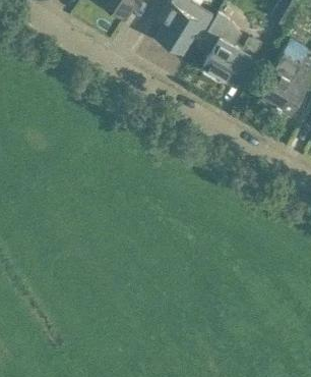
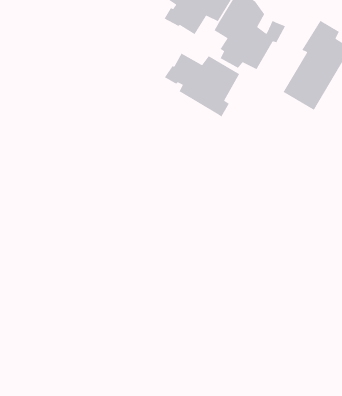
building: none -> [164,52,240,117]

